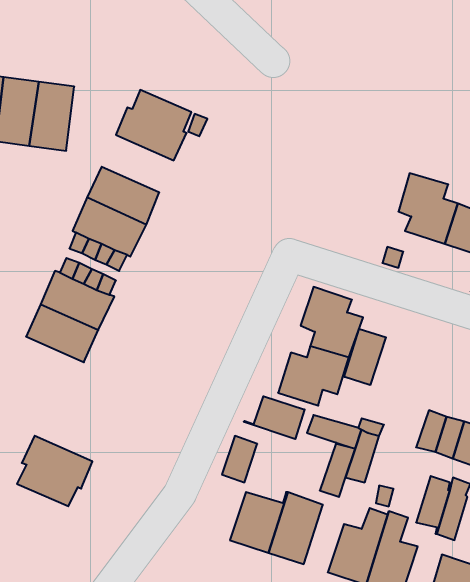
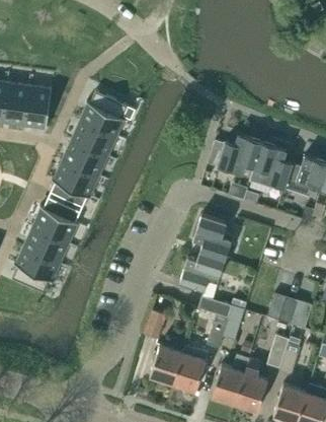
building: none -> [69,119,114,155]
building: none -> [208,135,263,173]
building: [344,329,386,385] -> none
building: [244,396,305,439] -> none
building: [17,436,92,506] -> [10,247,58,291]

